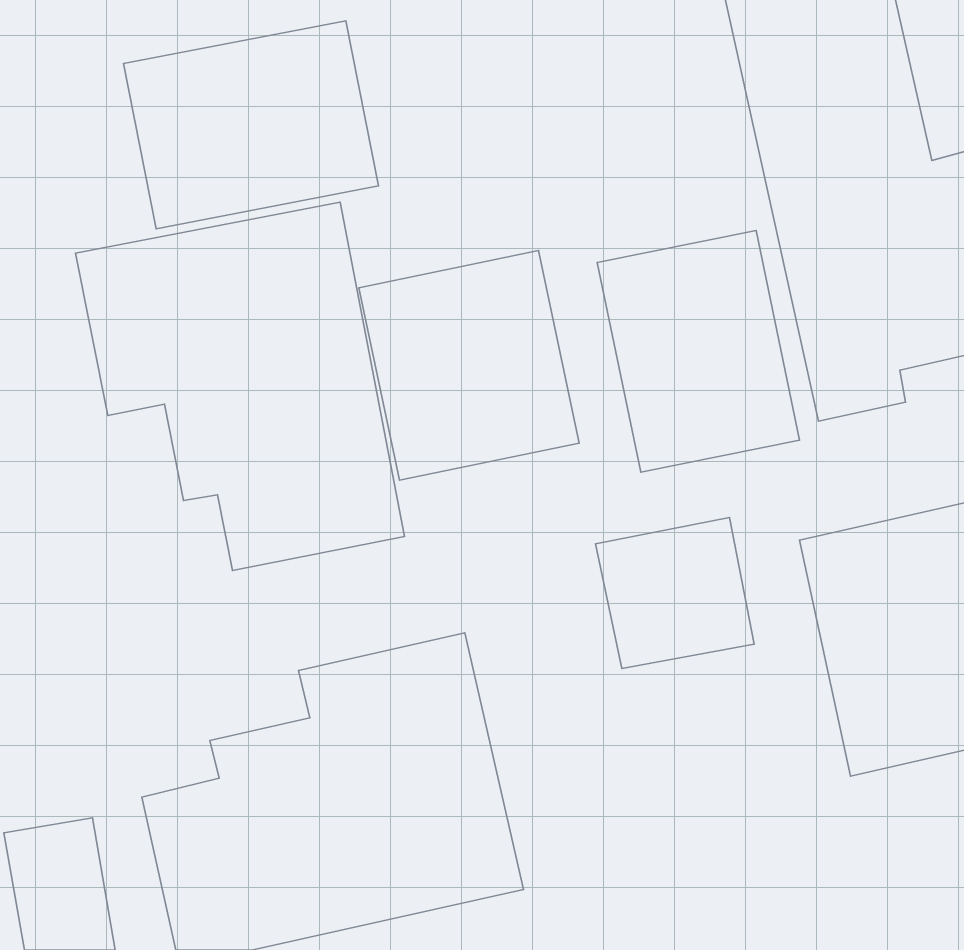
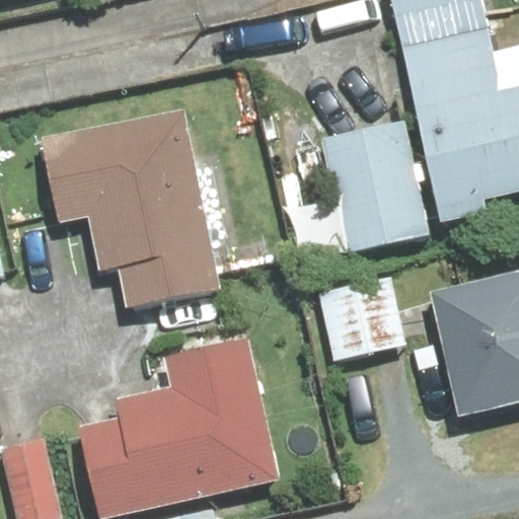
building: [124,21,378,229] -> none
building: [359,251,579,480] -> none

